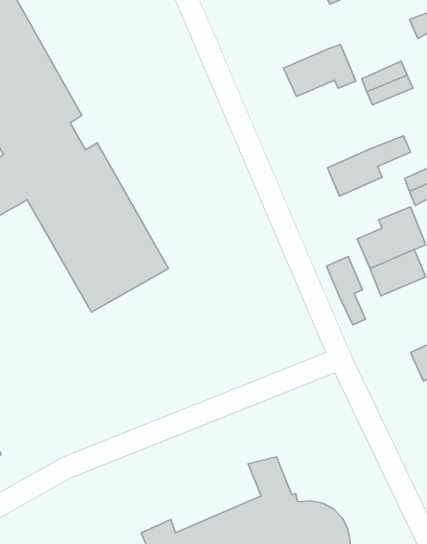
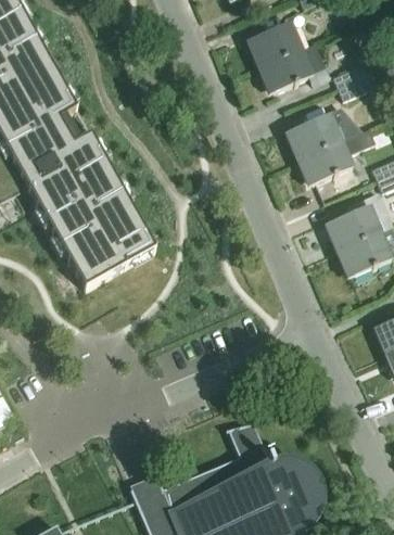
building: none -> [250,23,301,66]
building: none -> [289,115,340,157]
building: [326,256,366,325] -> none

